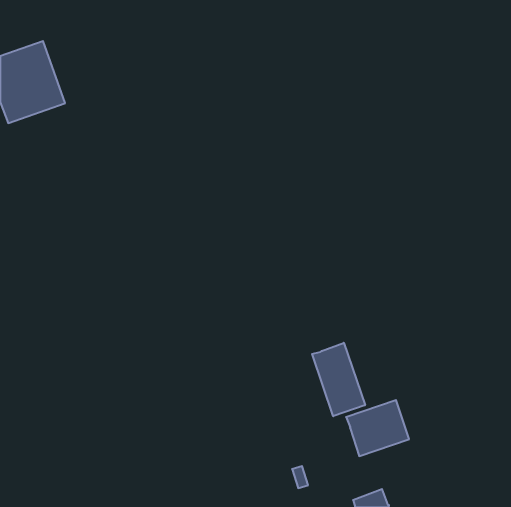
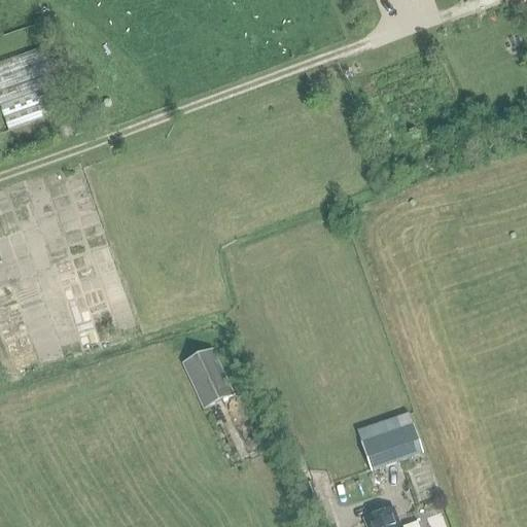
building: none -> [181,347,233,406]
building: [312,343,365,416] -> none

